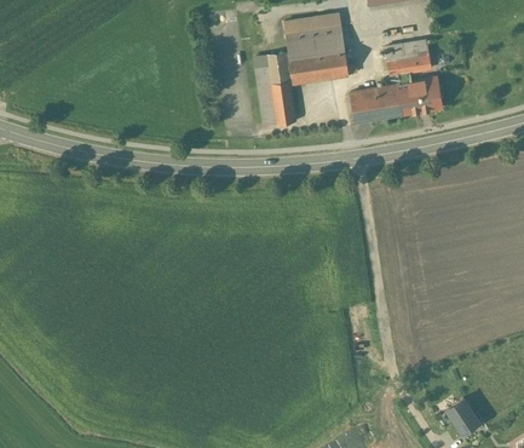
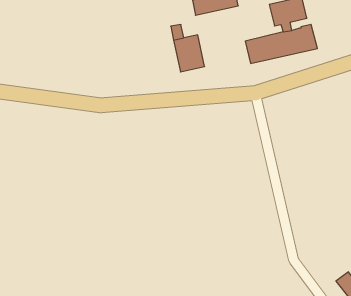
building: [288,47,349,84] -> none

